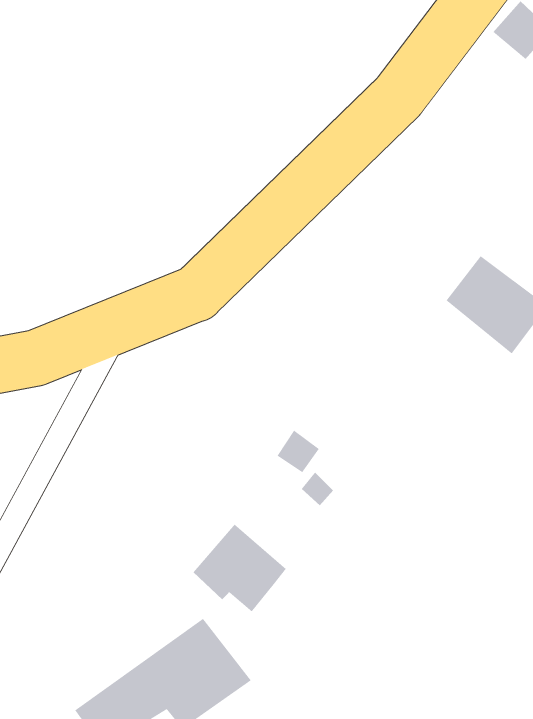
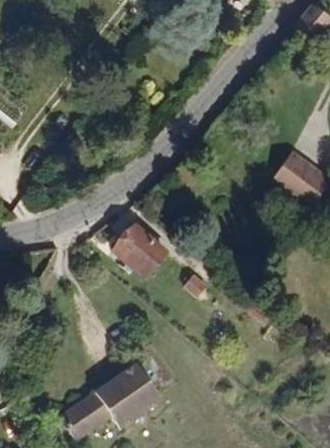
building: [193,524,287,612] -> [111,232,166,283]

